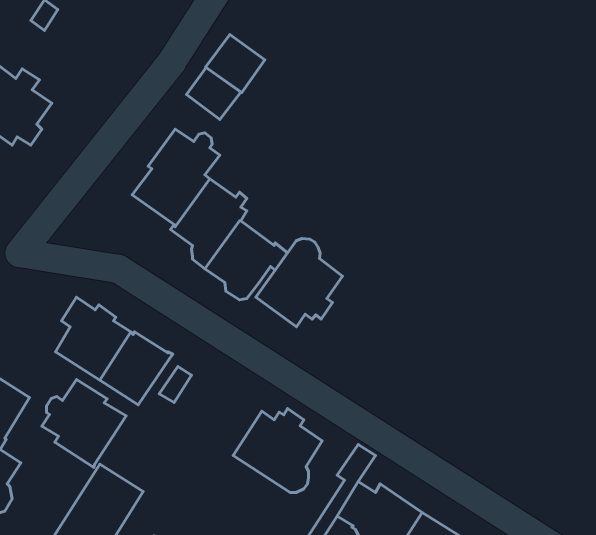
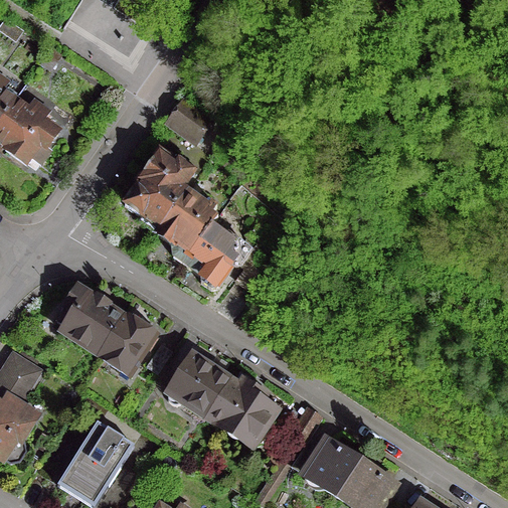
building: [206,35,265,92] -> none
building: [256,239,343,327] -> none
building: [42,380,126,467] -> none
building: none -> [168,354,228,414]

